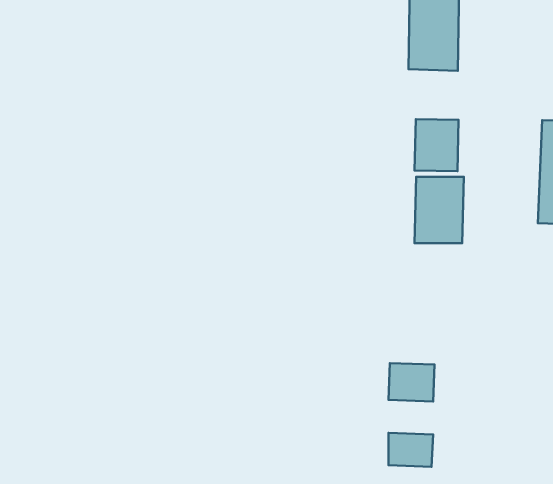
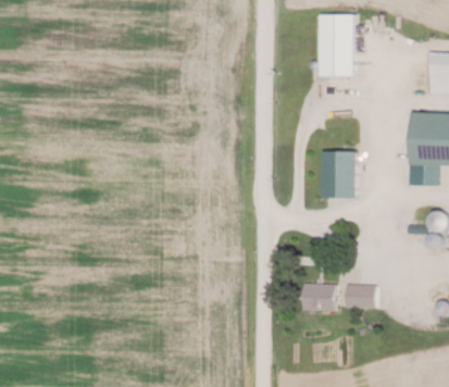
building: [415,119,459,171] -> none
building: [388,433,433,467] -> [344,283,375,307]

